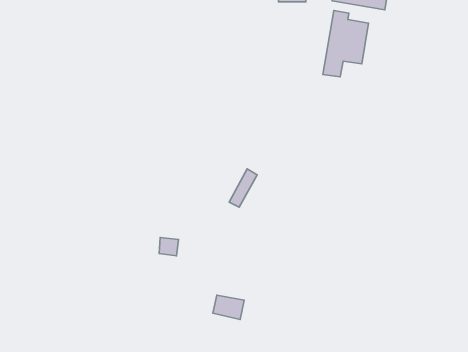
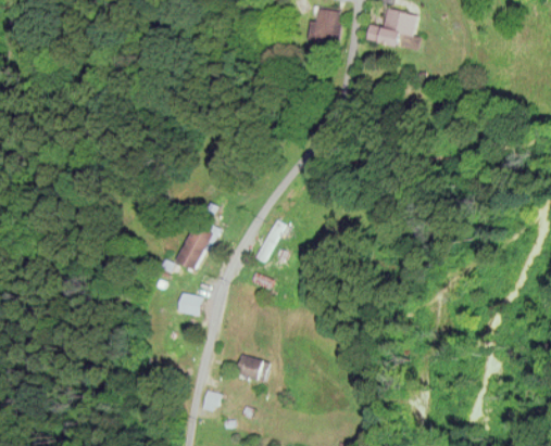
building: [323,10,369,77] -> none
building: none -> [175,220,214,270]

